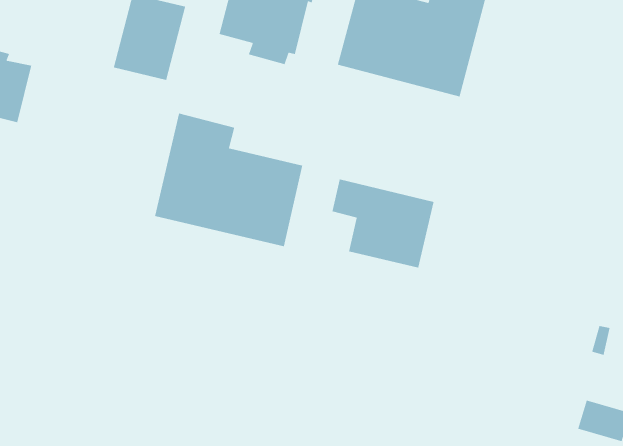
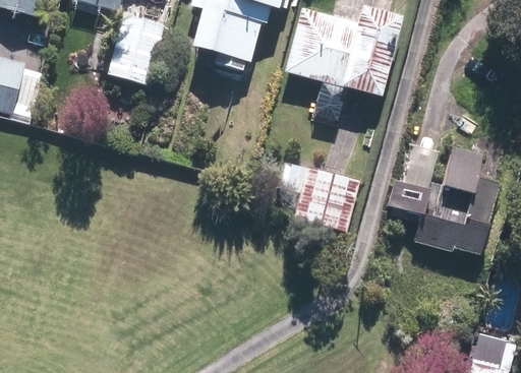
building: [154,113,303,247] -> none
building: none -> [388,145,498,254]

